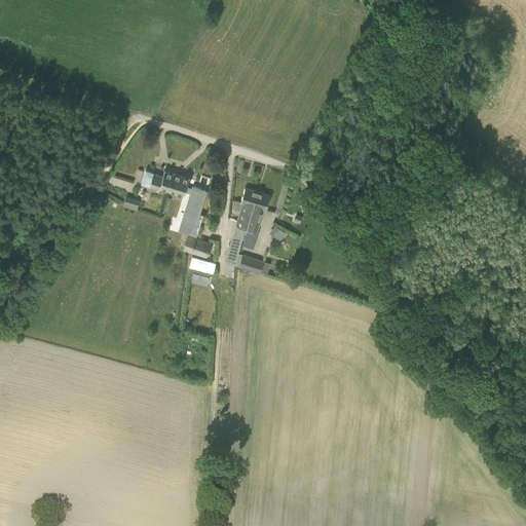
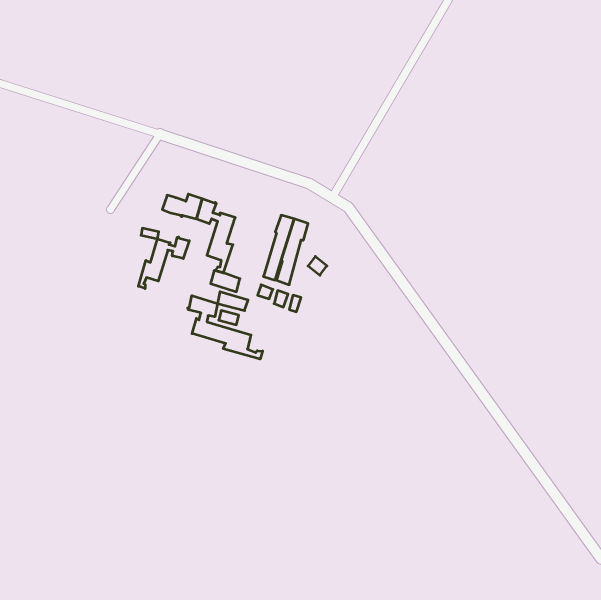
building: none -> [138,237,189,289]
building: none -> [188,296,263,359]

